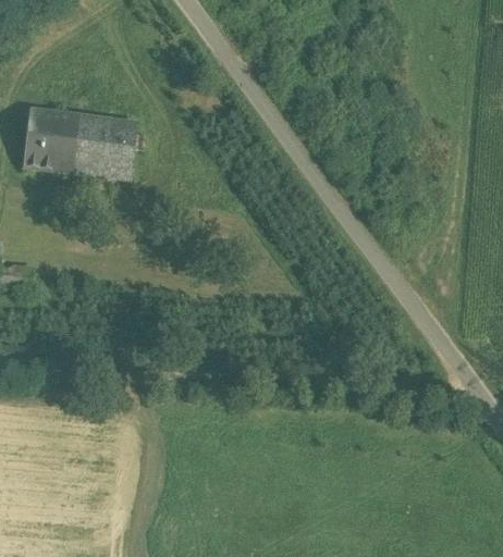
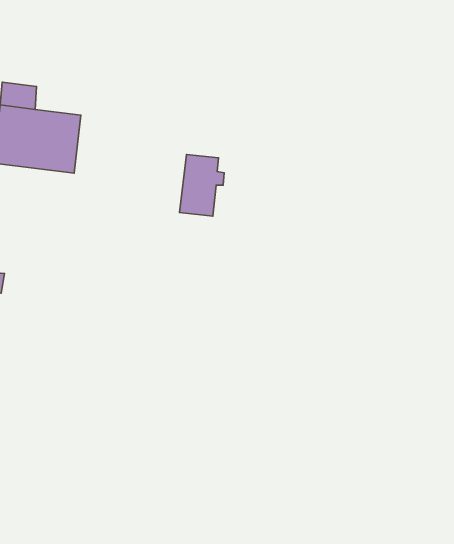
building: [98,119,140,177] -> [180,154,224,216]

